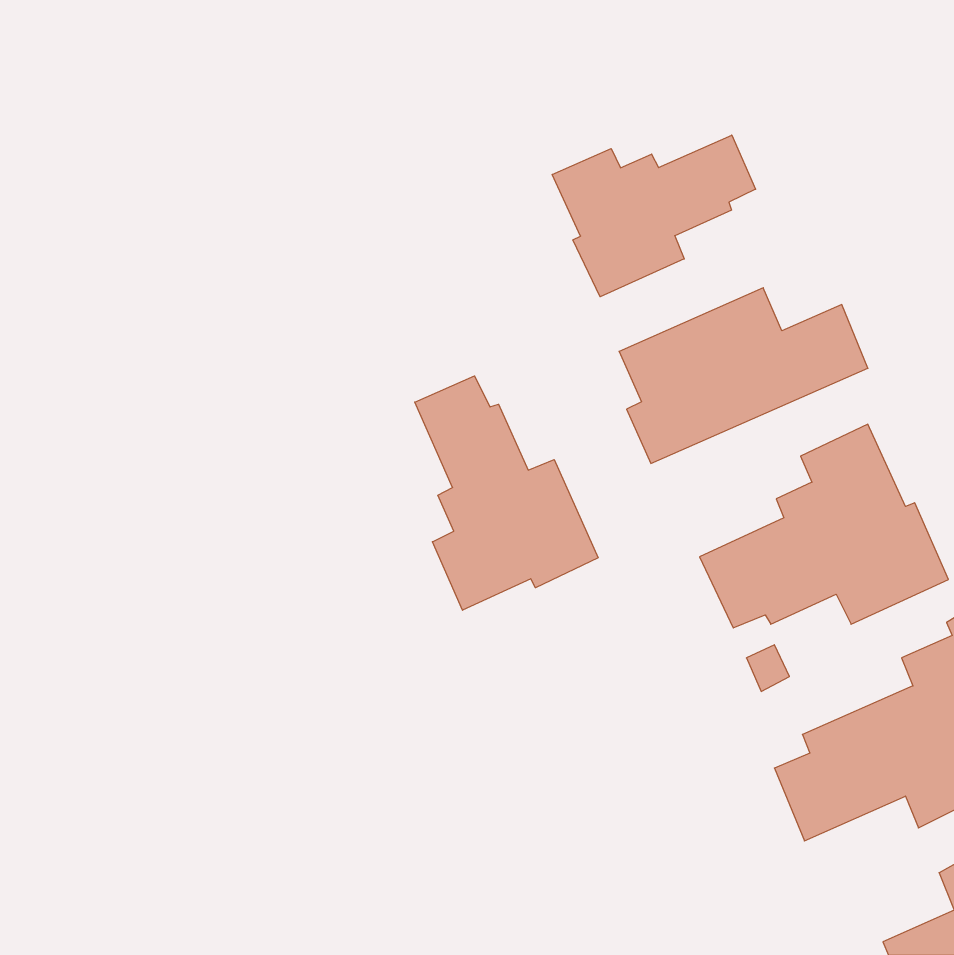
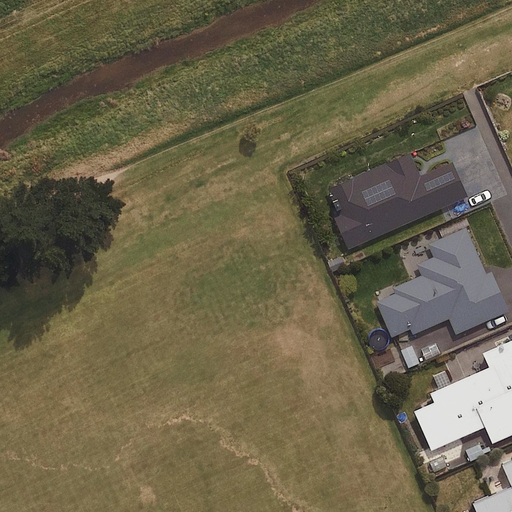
building: [552,135,756,297] -> none
building: [415,376,598,610] -> none

